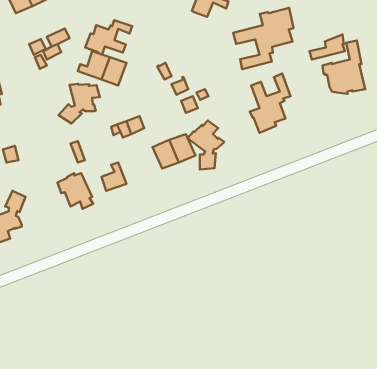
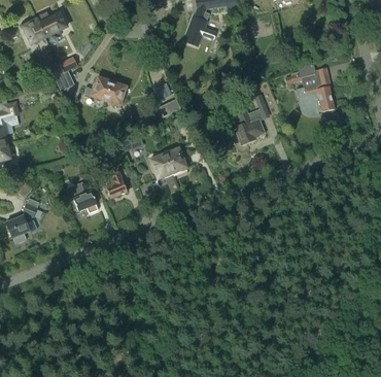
building: [233,8,293,69] -> none
building: [85,20,132,55] -> none
building: [59,84,100,124] -> none
building: [188,121,224,170] -> none

